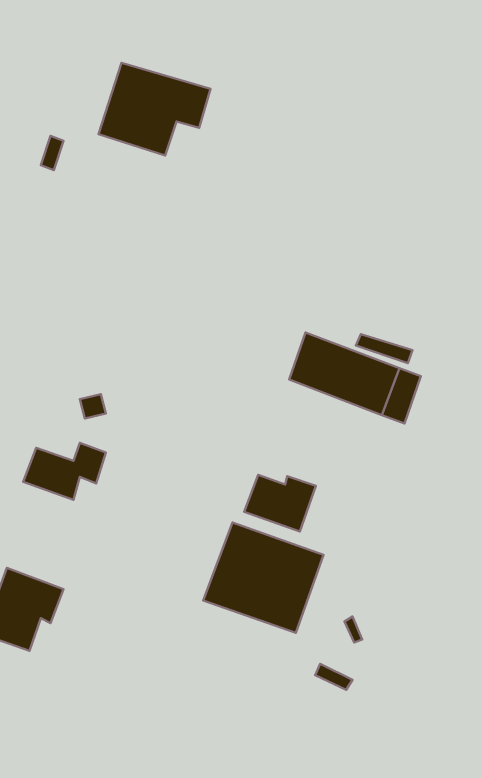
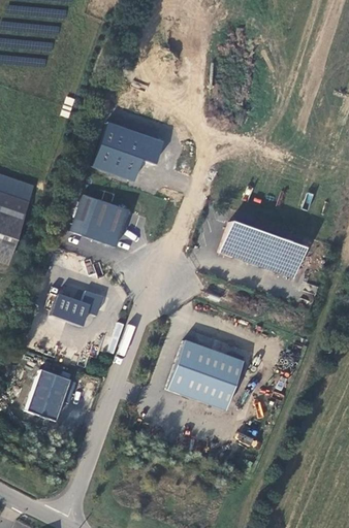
building: [99,63,211,155] -> [95,121,166,179]
building: none -> [70,194,128,246]
building: [244,475,316,532] -> none

